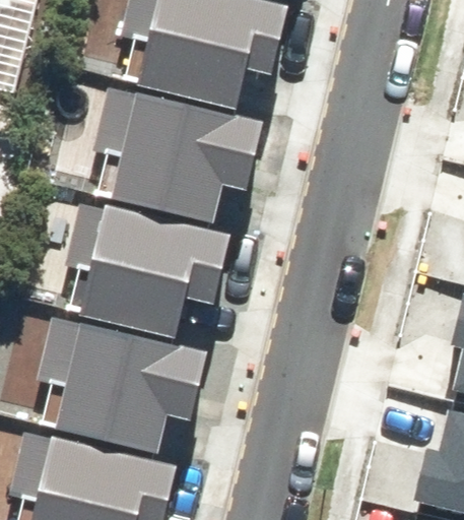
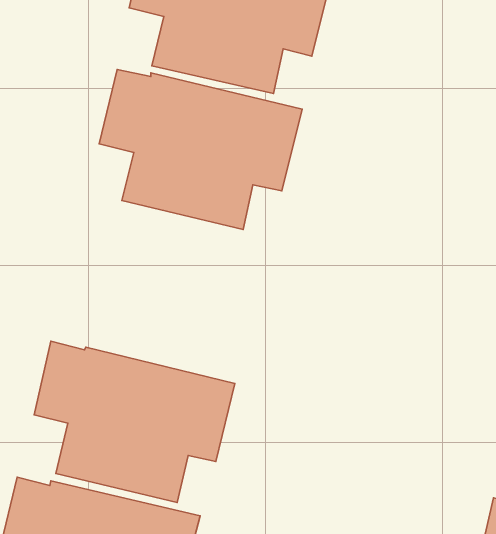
building: [65,204,230,338] -> none

